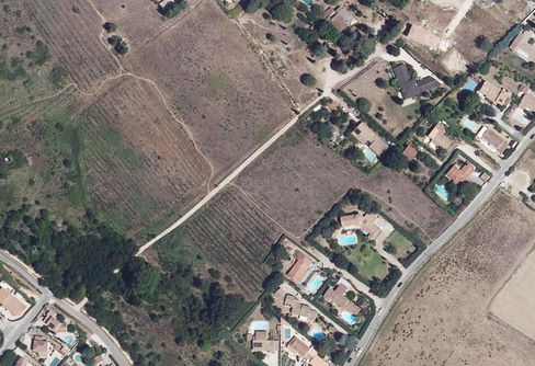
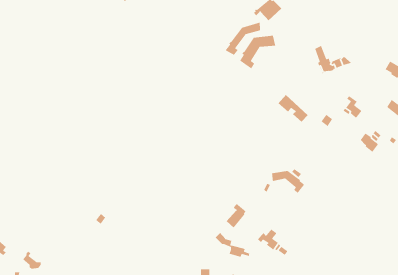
building: none -> [225,21,261,56]
building: none -> [239,35,276,69]

